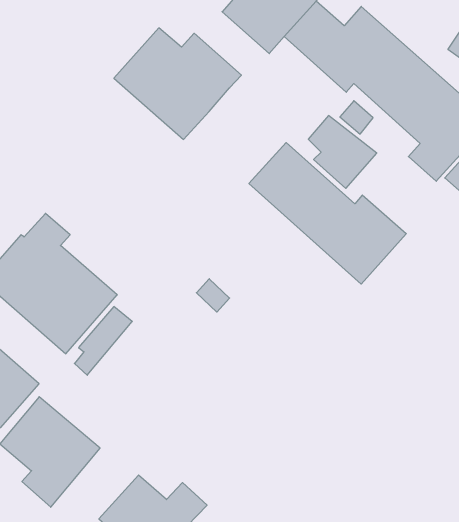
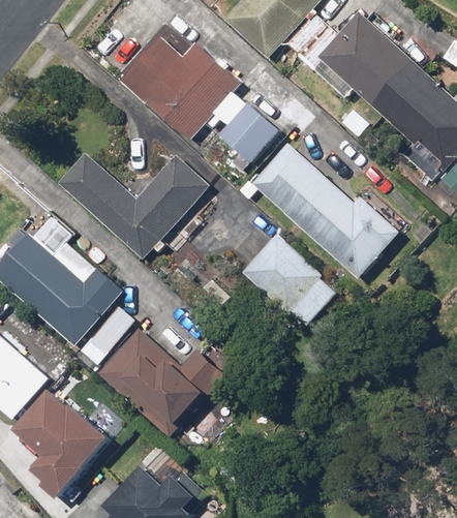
building: [308,116,377,188] -> [211,91,277,161]
building: none -> [59,152,207,257]
building: none -> [239,231,337,328]
building: none -> [97,326,225,438]

